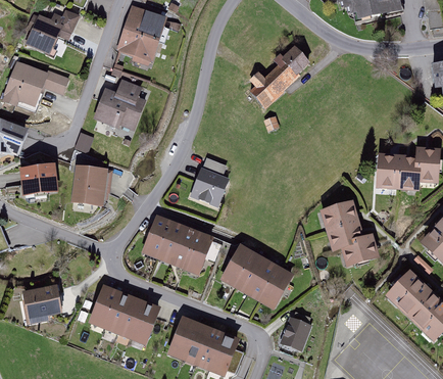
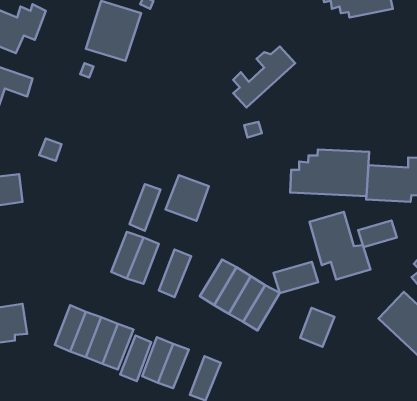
building: [93,80,145,132] -> none
building: none -> [290,149,369,196]
building: [72,165,110,207] -> none
building: none -> [358,221,397,247]
building: [169,229,198,272] -> [129,184,160,231]
building: none -> [273,262,318,293]
building: [278,318,309,353] -> [300,308,335,347]
building: [197,326,226,368] -> [120,336,151,381]

